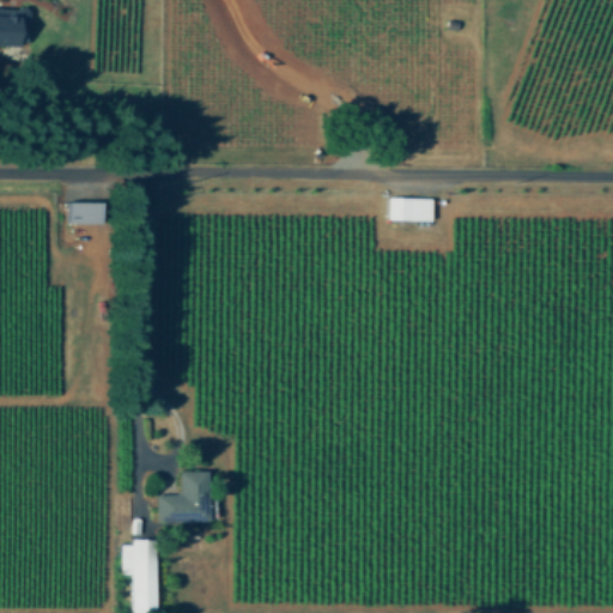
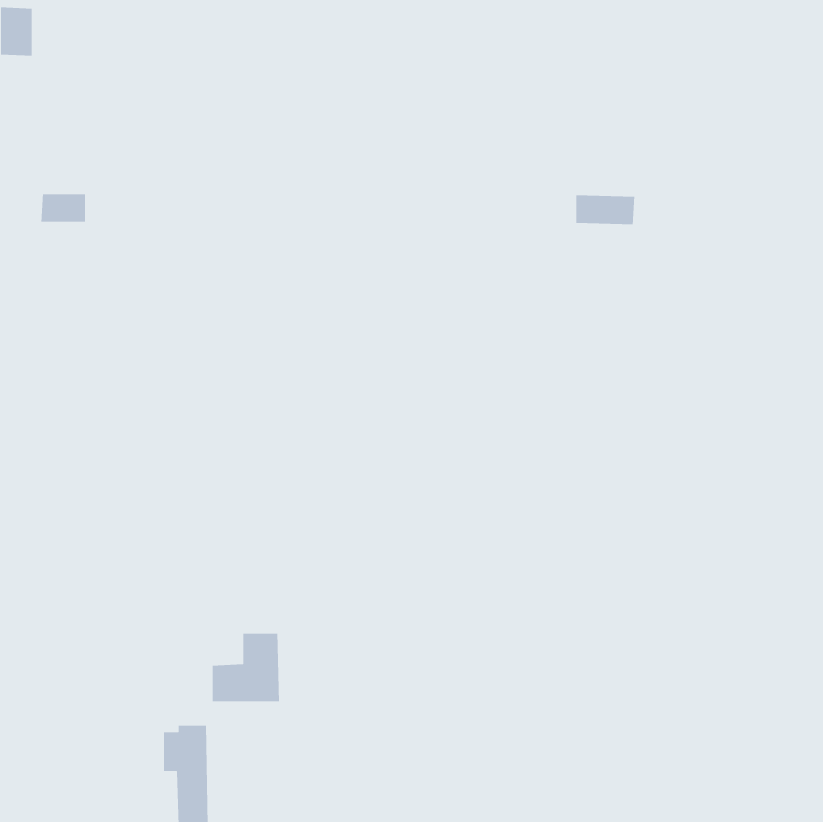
building: [389,199,433,221] -> [575,194,635,225]
building: [71,202,104,224] -> [41,193,86,223]

